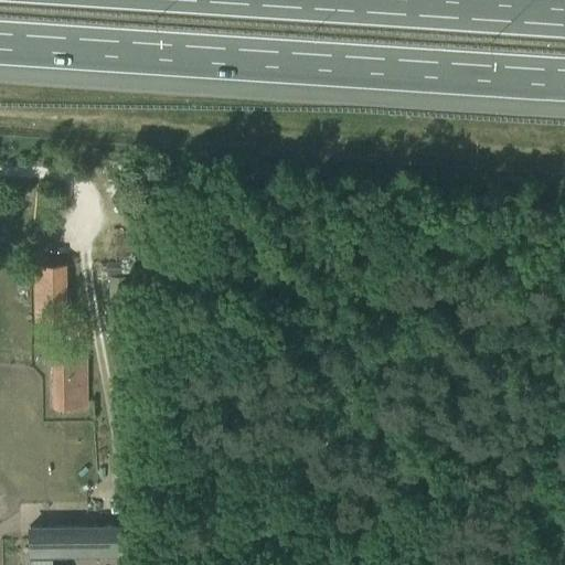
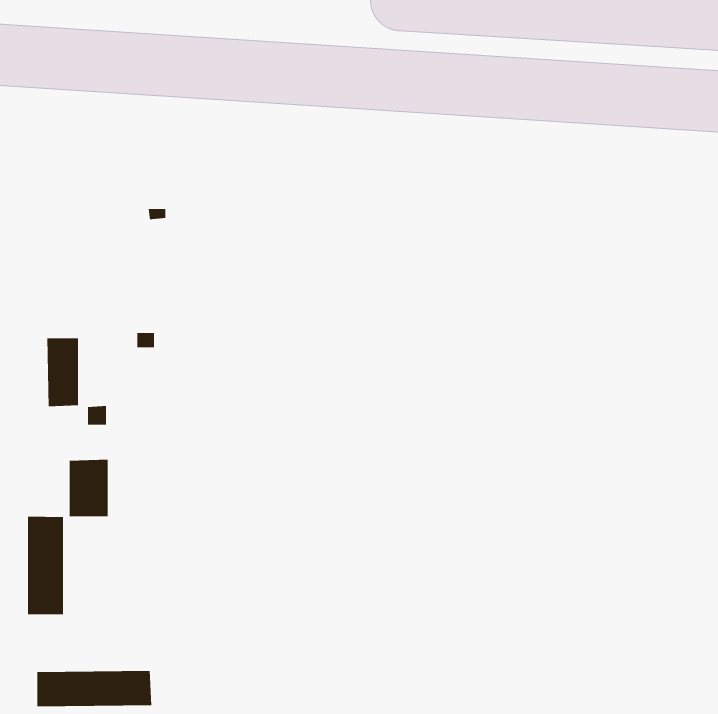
building: none -> [27,516,64,615]

